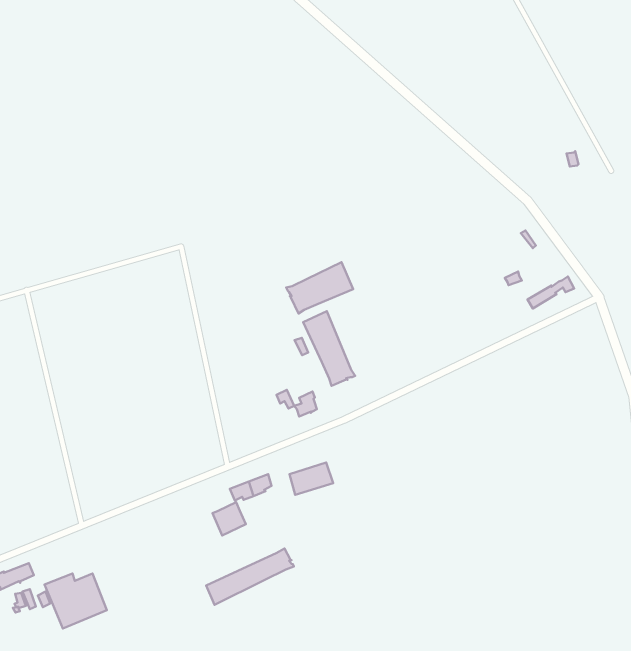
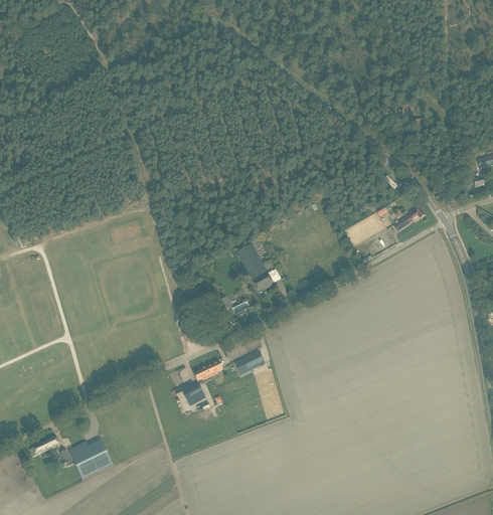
building: [286,262,353,314] -> none
building: [206,548,294,605] -> none

